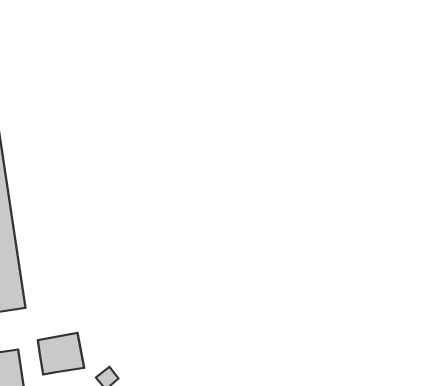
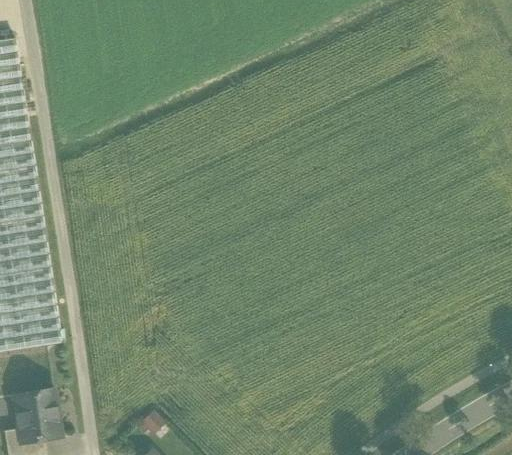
building: [38,333,84,375] -> none

